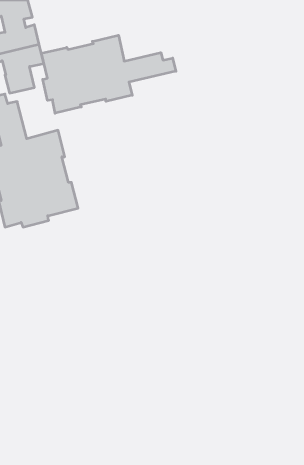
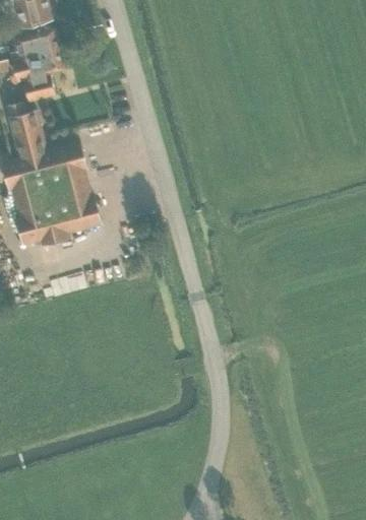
building: [41,35,176,113] -> none

